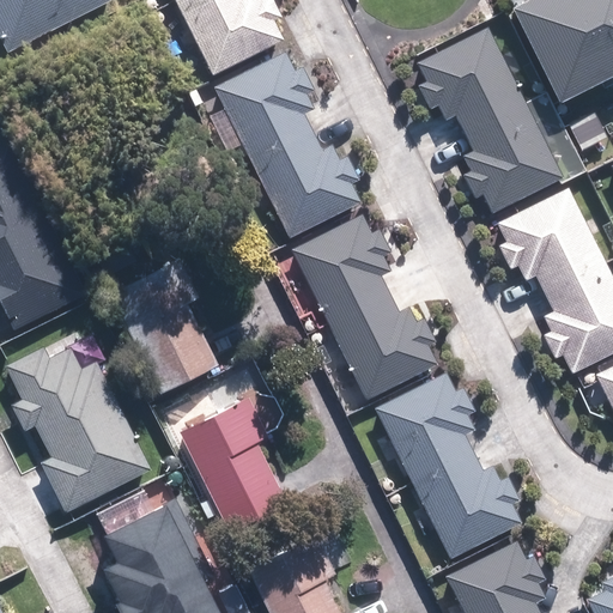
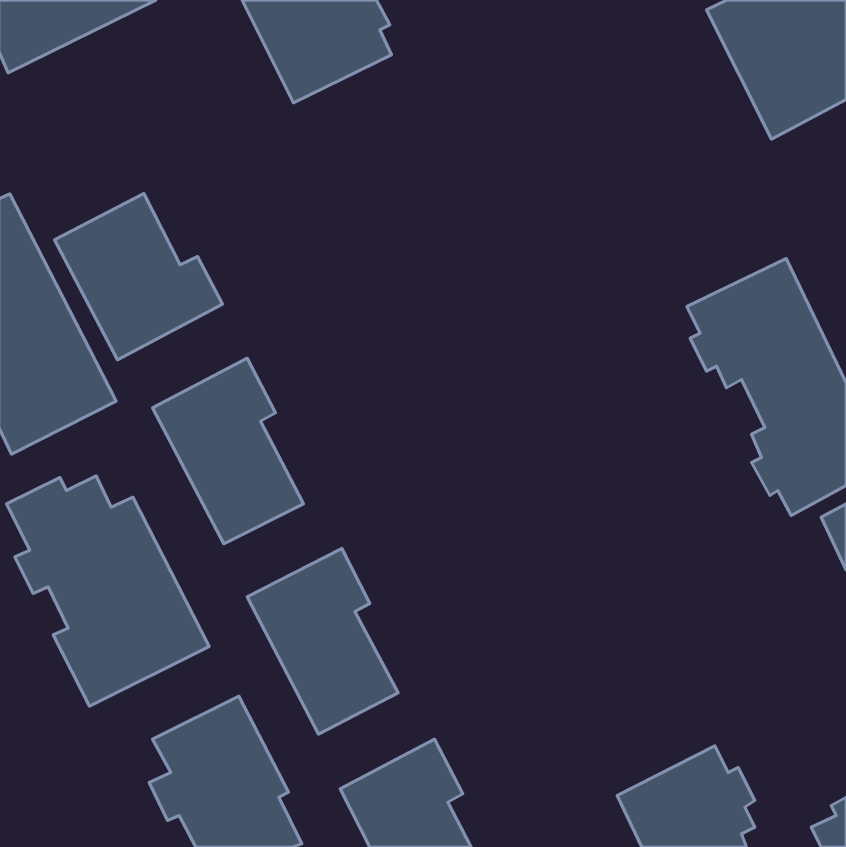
building: [415,29,562,214] -> none
building: [214,51,360,237] -> none
building: none -> [55,193,222,360]
building: [291,213,437,399] -> none
building: [374,374,520,560] -> none

